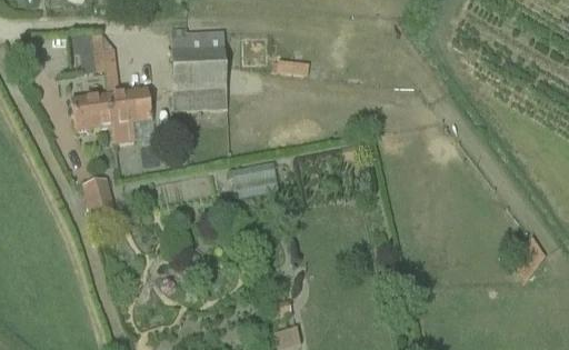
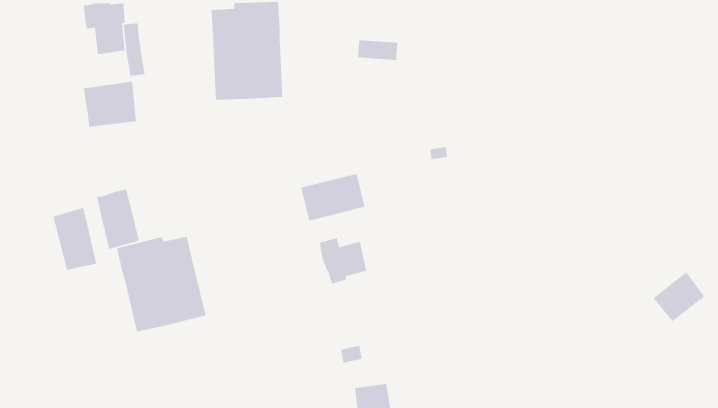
building: [109,88,151,141] -> none
building: none -> [52,207,97,271]
building: none -> [116,236,207,333]
building: none -> [319,237,367,285]

